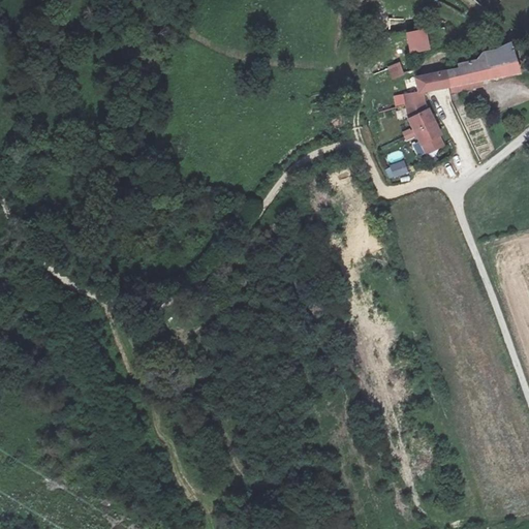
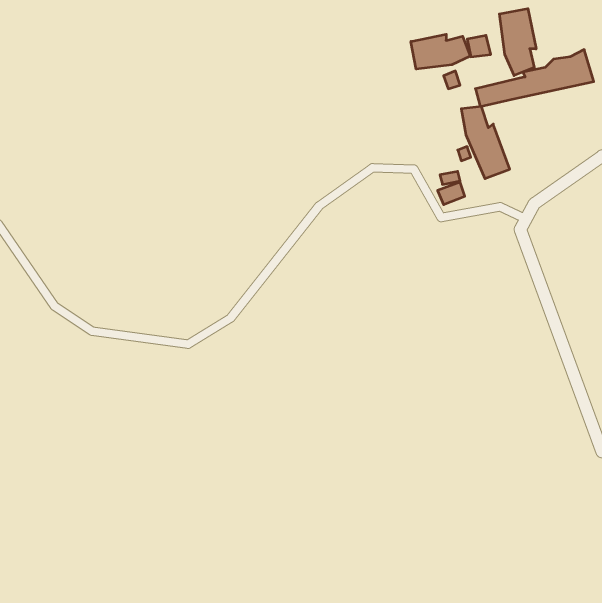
building: none -> [499,9,536,76]
building: none -> [411,34,470,69]

